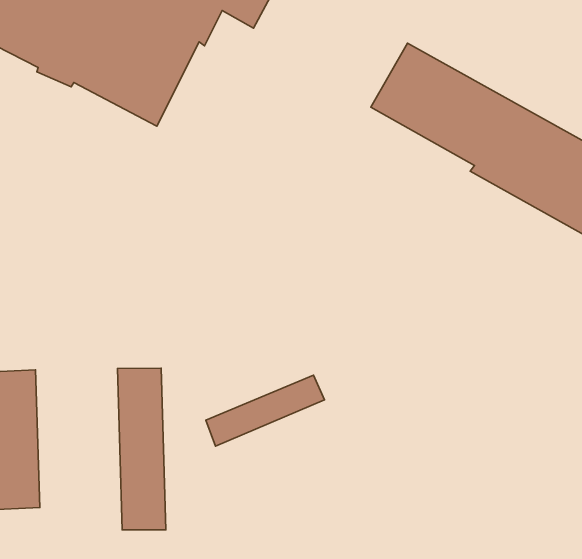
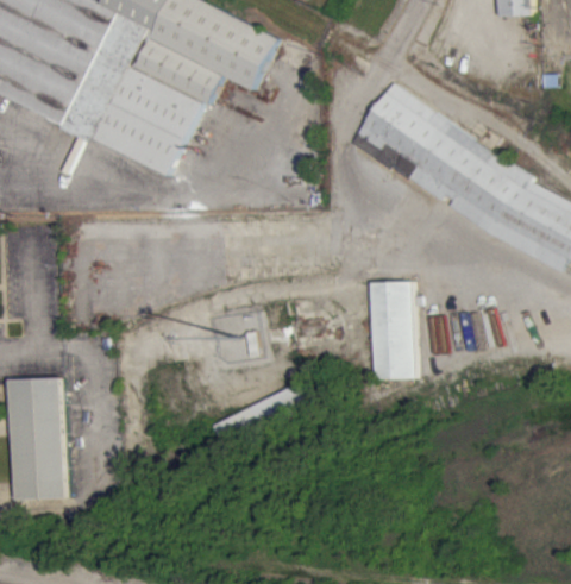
building: none -> [372,282,415,381]
building: [118,368,166,530] -> none

